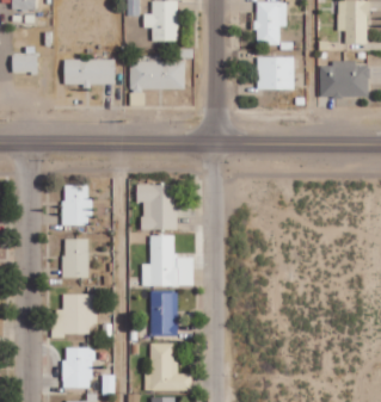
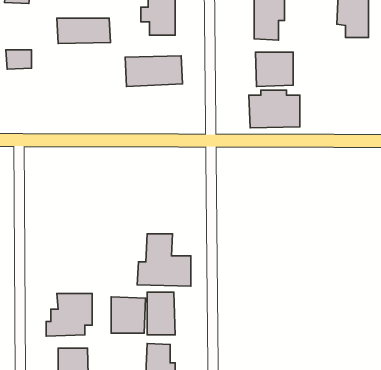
building: [63,60,116,85] -> [57,18,110,44]
building: [319,61,369,98] -> [249,90,300,128]
building: [62,184,91,224] -> none
building: [136,184,177,229] -> none
building: [63,237,88,277] -> none
building: none -> [111,297,146,333]

